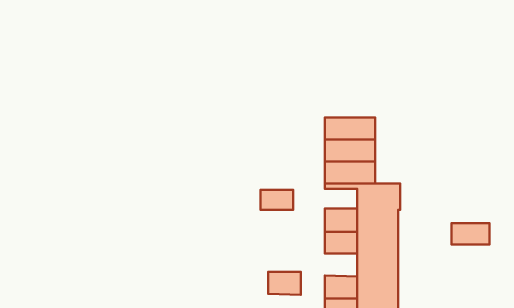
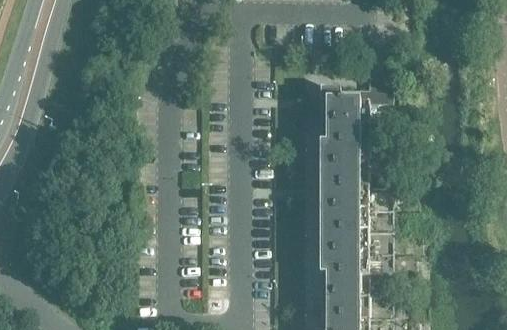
building: none -> [312,83,384,131]
building: [261,190,293,210] -> [312,199,343,218]
building: [451,223,489,245] -> none
building: [268,272,301,295] -> [312,261,343,283]

